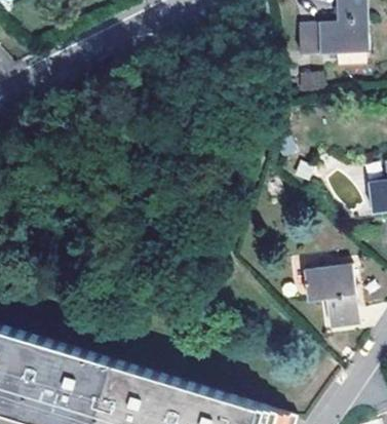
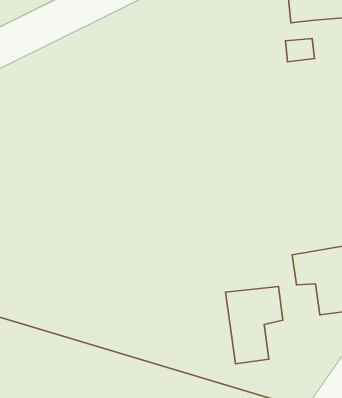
building: none -> [226,287,283,364]

